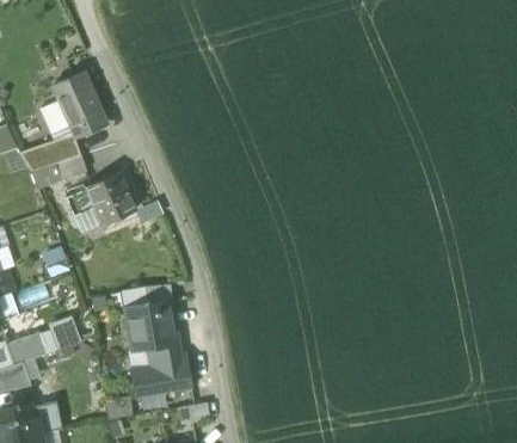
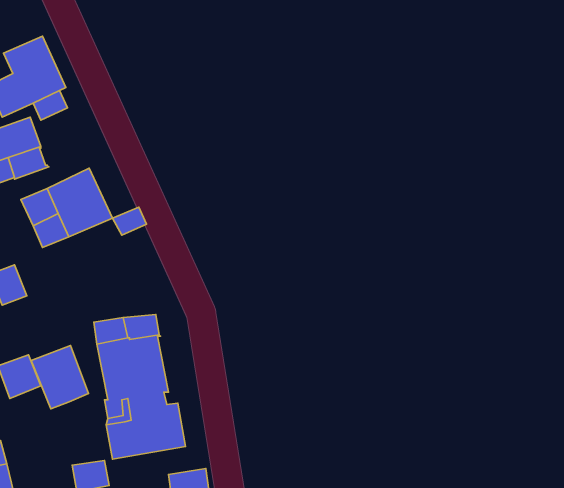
building: none -> [31,346,89,409]

